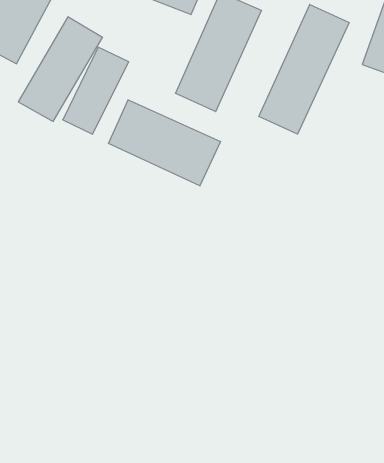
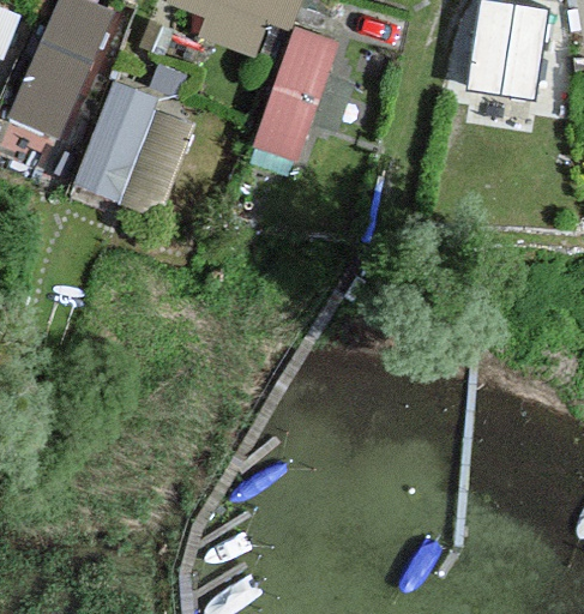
building: [259,4,349,134] -> none
building: [108,100,220,186] -> none

